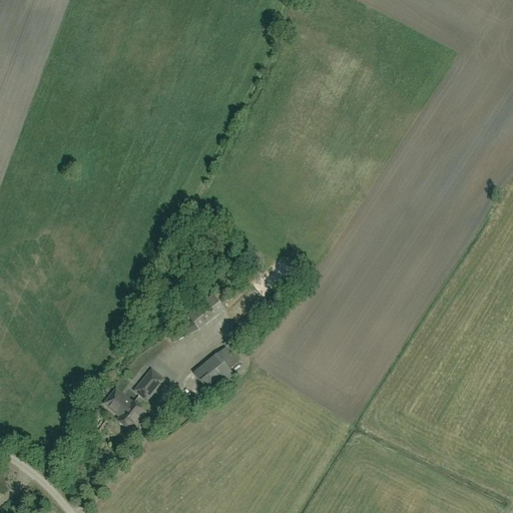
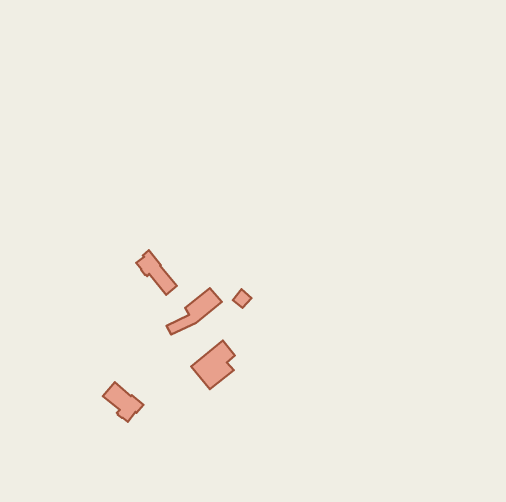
building: none -> [136,250,177,295]
building: [135,368,163,398] -> none

